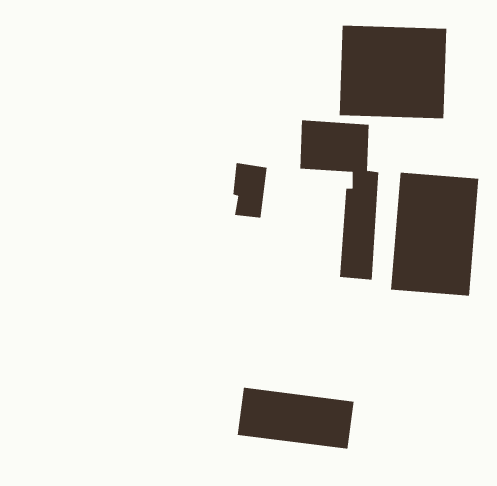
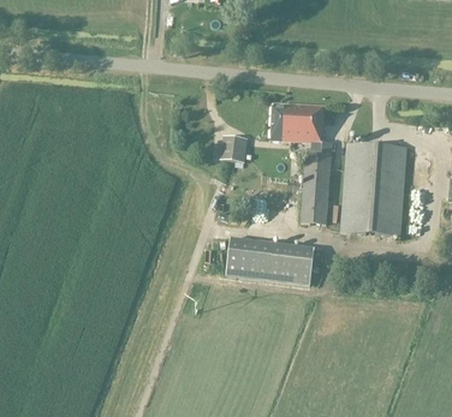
building: [339,25,447,119] -> none
building: [237,387,355,449] -> [225,238,314,285]

